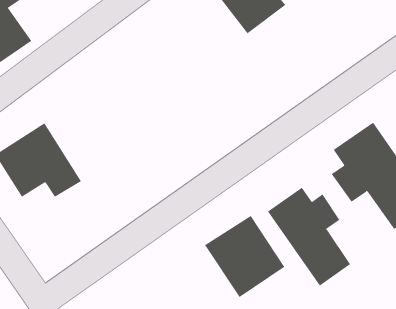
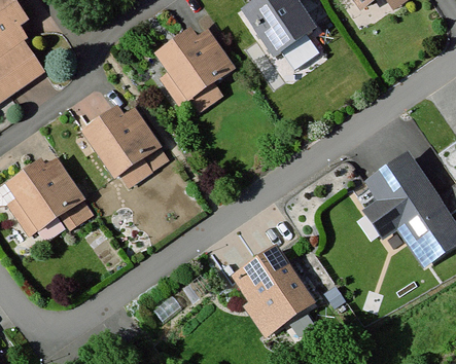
building: none -> [151,29,232,113]
building: none -> [70,83,173,194]
building: [267,187,351,287] -> none

